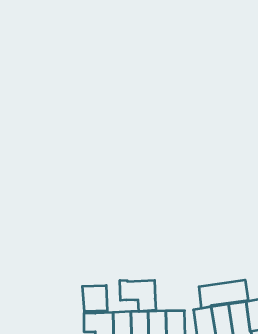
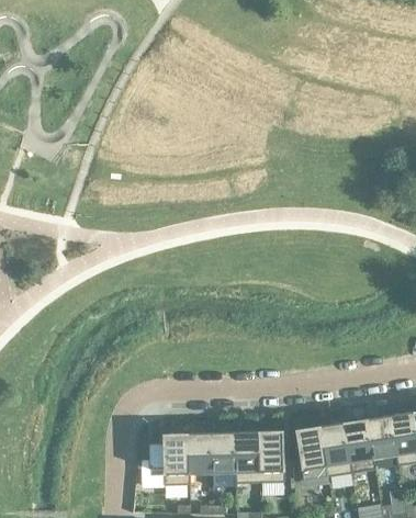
building: [199,280,248,308] -> none
building: [120,280,156,312] -> none
building: [82,285,107,312] -> none

